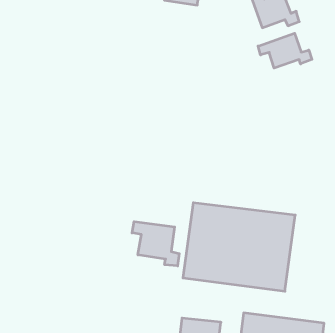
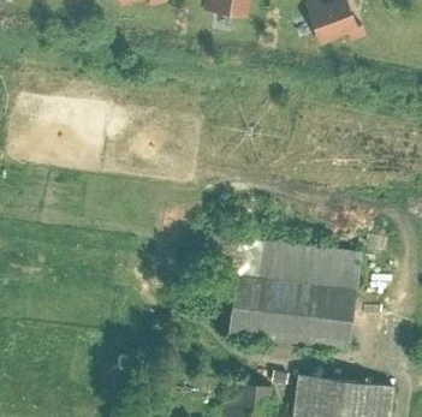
building: [258,33,312,68] -> none
building: [132,222,179,266] -> none

